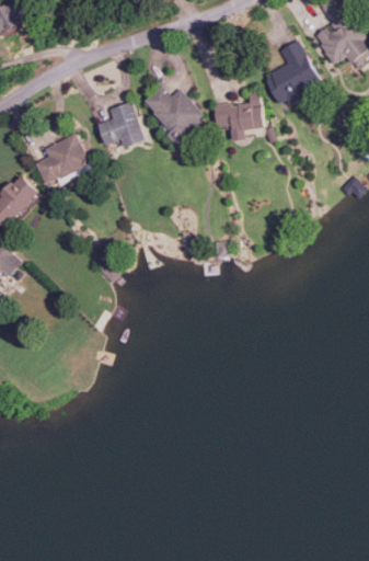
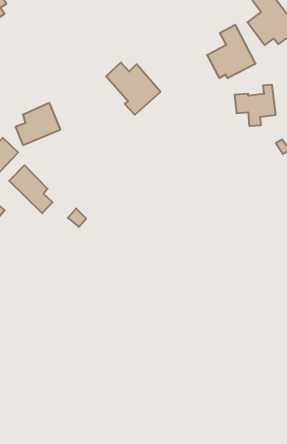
building: [214,92,263,141] -> [235,85,276,126]
building: [97,102,145,148] -> none
building: none -> [9,165,53,213]

